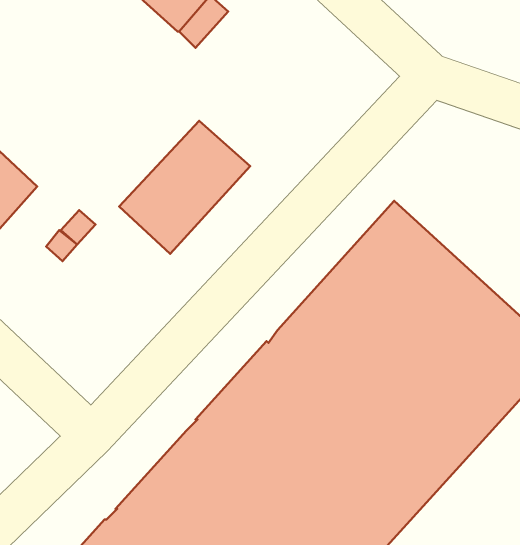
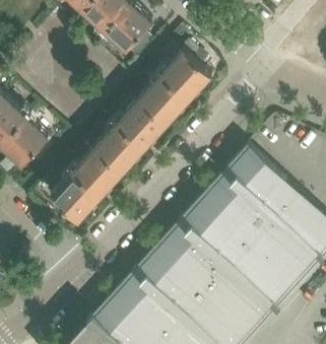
building: none -> [138,52,211,127]
building: none -> [50,149,122,223]

